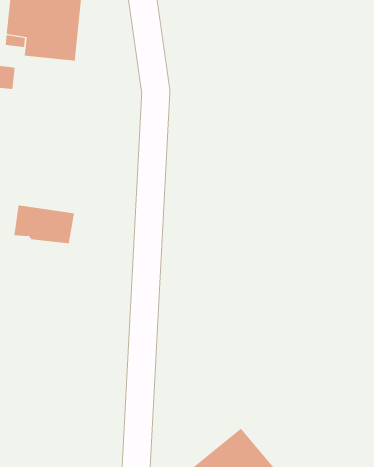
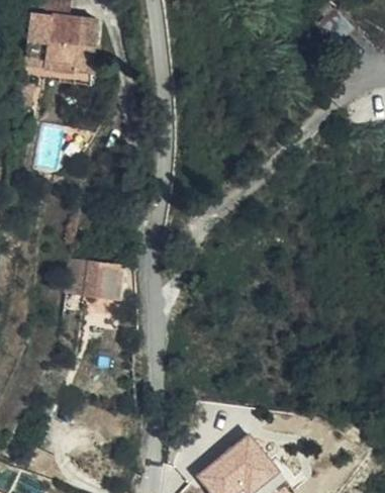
building: [13,205,75,244] -> [66,262,124,299]

